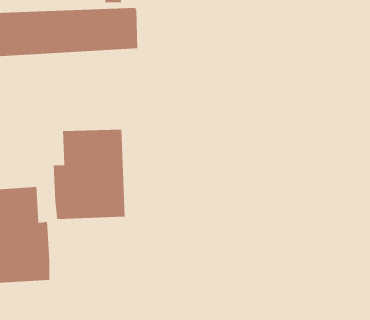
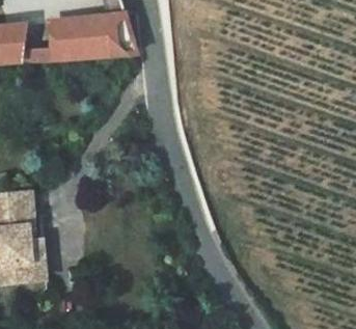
building: [53,129,125,220] -> none

